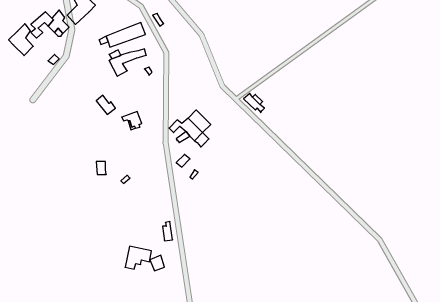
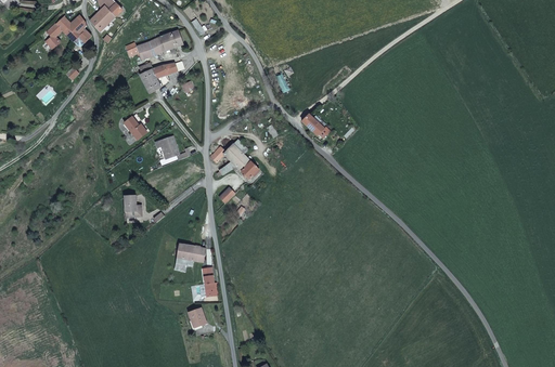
building: [9,24,33,56] -> none
building: [125,246,151,269] -> [175,244,206,271]

